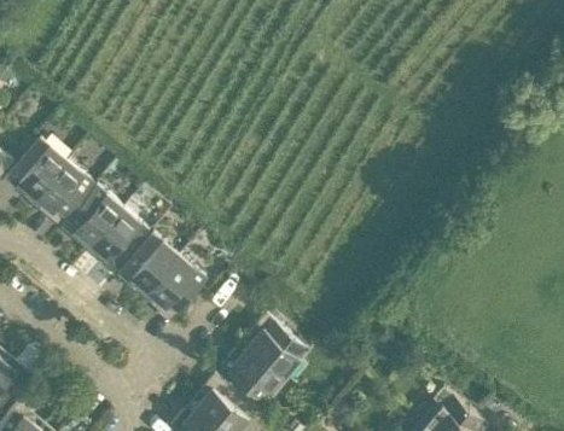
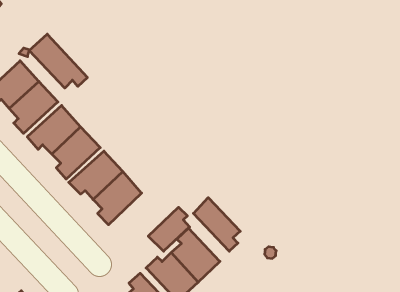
building: none -> [29,34,87,88]
building: none -> [193,198,240,251]
building: none -> [148,207,190,251]

